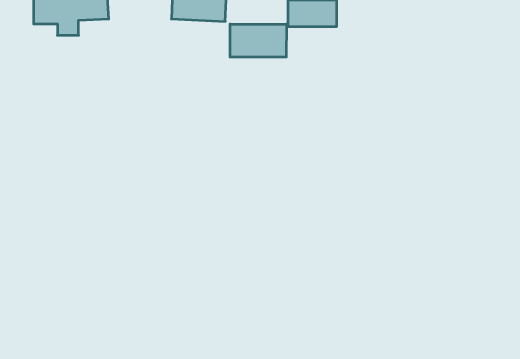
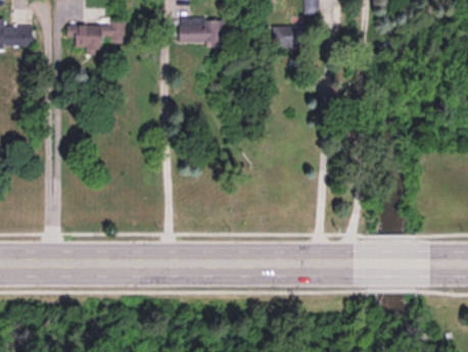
building: [230,24,286,57] -> none

